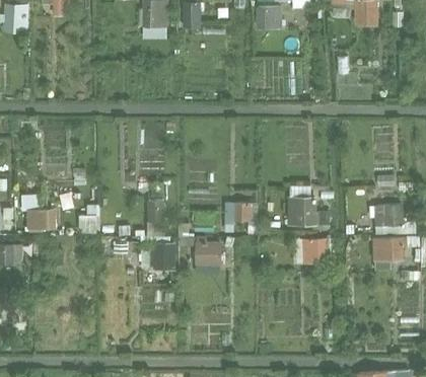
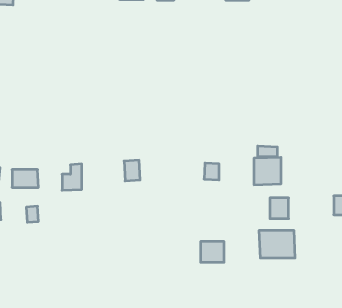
building: [153,242,175,270] -> none
building: [195,243,220,266] -> [201,242,224,262]
building: none -> [259,230,295,258]

